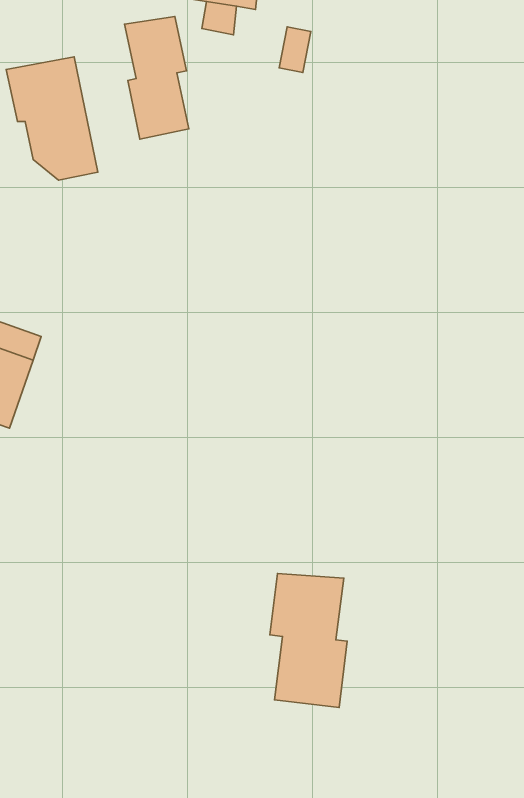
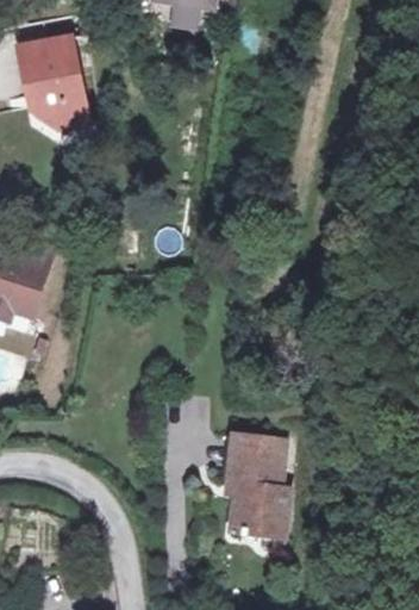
building: [124,17,189,139] -> none

